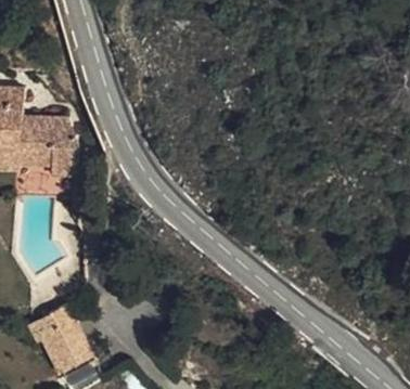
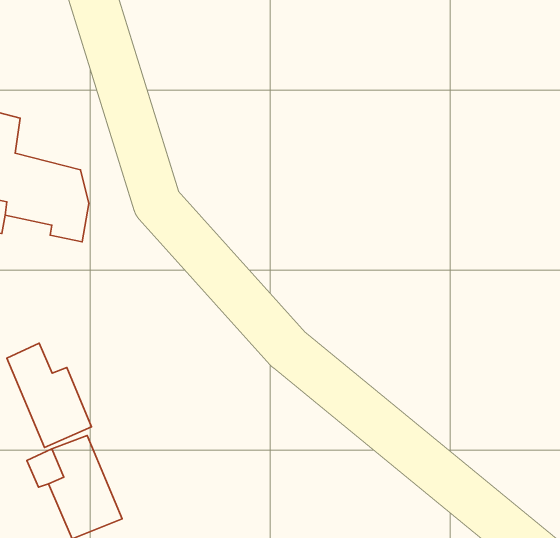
building: none -> [7,343,91,448]

